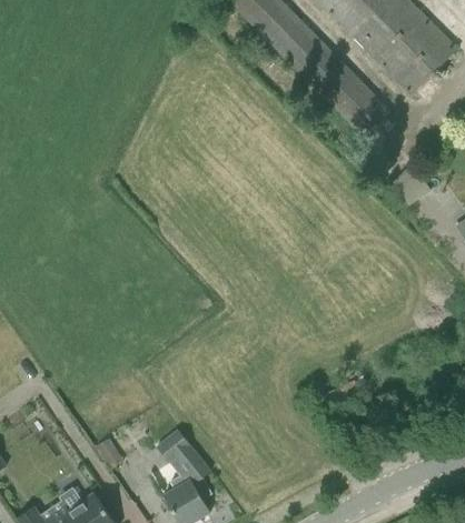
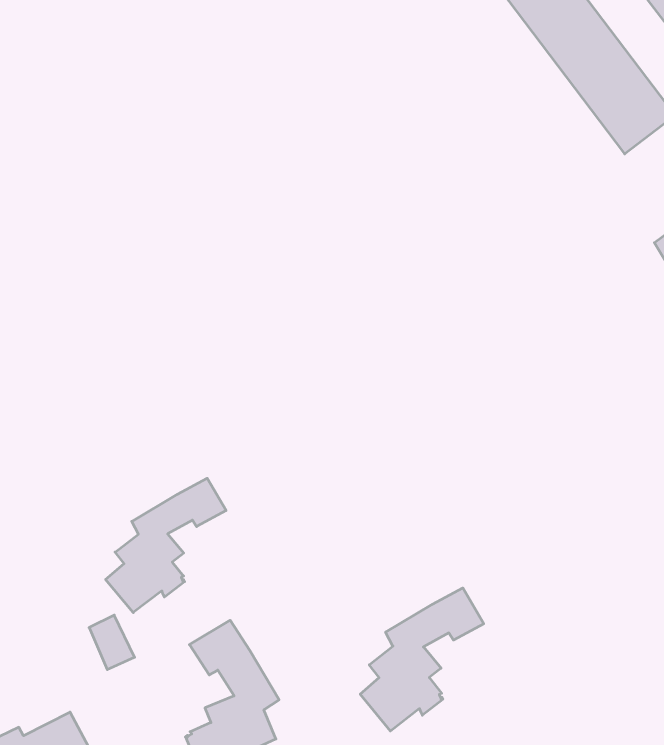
building: none -> [106,478,226,613]
building: none -> [360,588,484,731]

